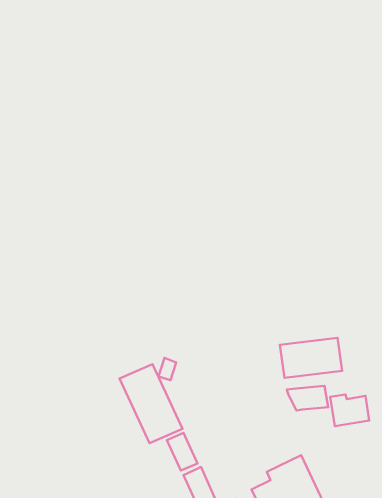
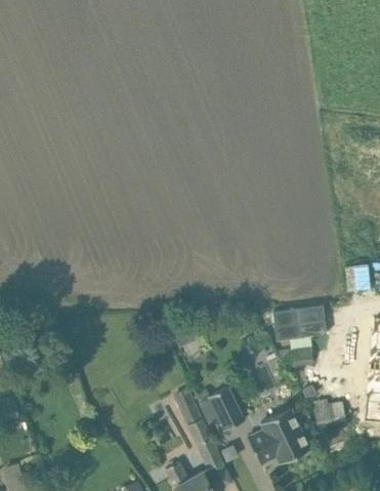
building: [119,364,182,443] -> none
building: [330,395,369,426] -> [312,400,346,427]
building: none -> [209,386,244,429]

